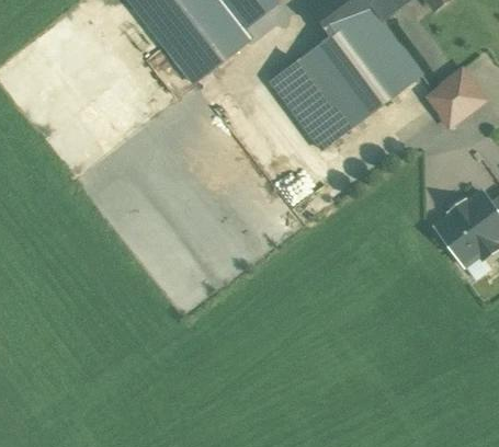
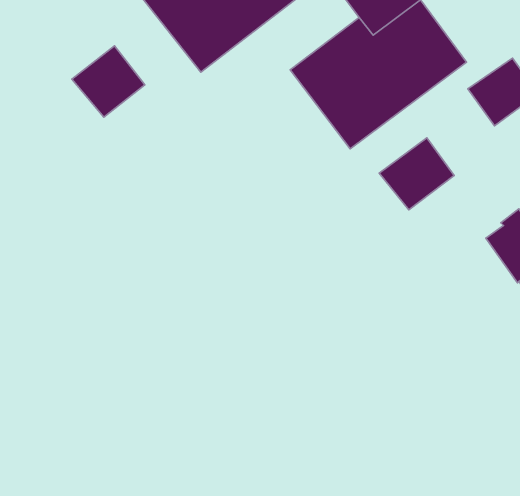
building: none -> [72,46,145,117]
building: none -> [379,138,454,210]

